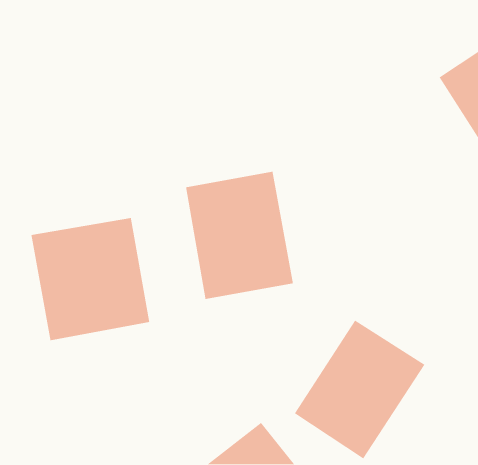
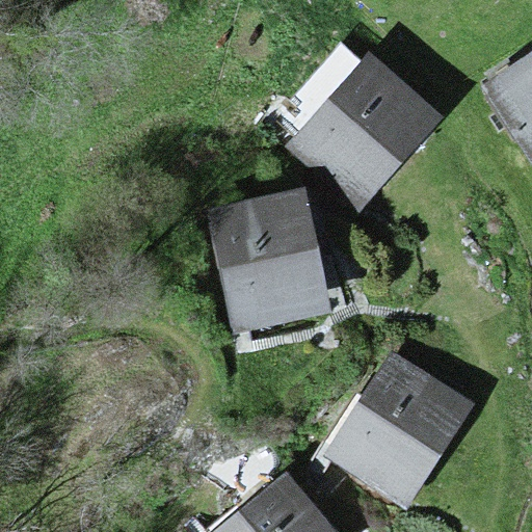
building: none -> [284,50,444,211]
building: [31,217,150,341] -> none

